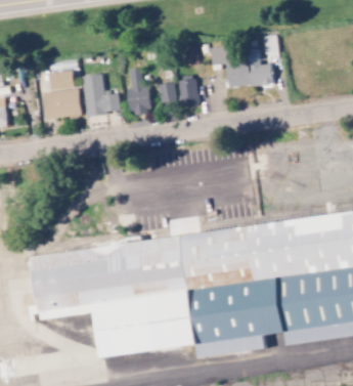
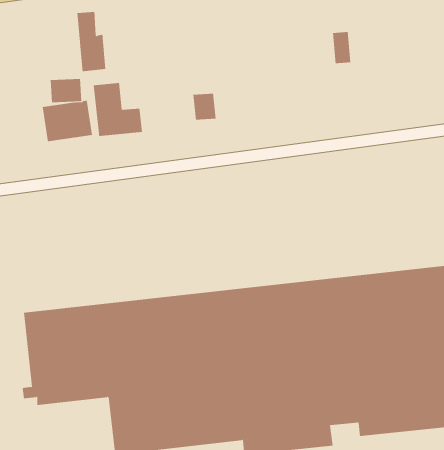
building: [211,45,273,87] -> none
building: [128,68,150,114] -> [76,11,106,72]
building: [179,78,200,105] -> none

